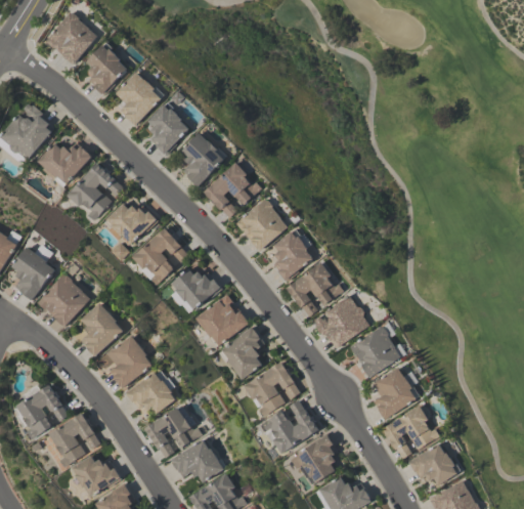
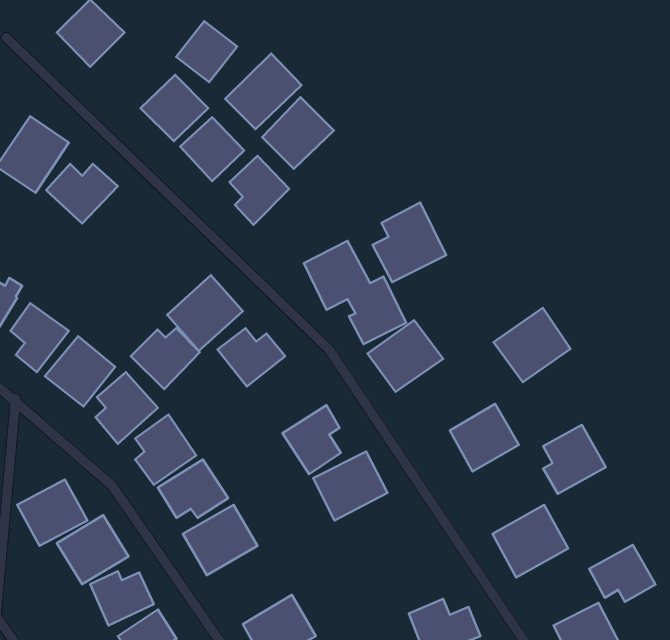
building: [81,47,128,94] -> [176,21,237,82]
building: none -> [225,53,301,129]
building: [67,162,125,221] -> none
building: [205,163,260,218] -> [262,97,334,169]
building: none -> [373,203,446,282]
building: [104,201,158,248] -> [131,328,200,389]
building: [312,293,372,350] -> [494,308,571,382]
building: [195,294,249,347] -> none
building: [372,366,420,419] -> [543,425,606,494]
building: [260,399,319,455] -> none
building: [292,434,339,487] -> none
building: [170,437,223,483] -> none
building: [408,441,460,485] -> [589,545,655,602]

